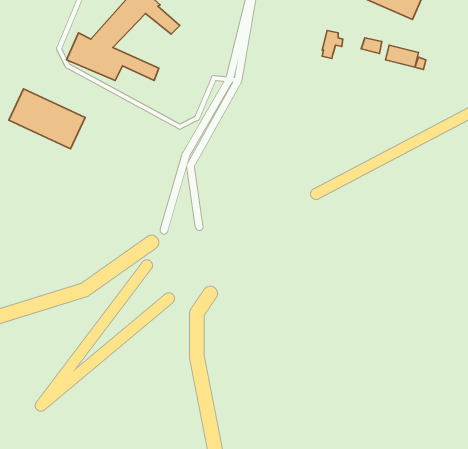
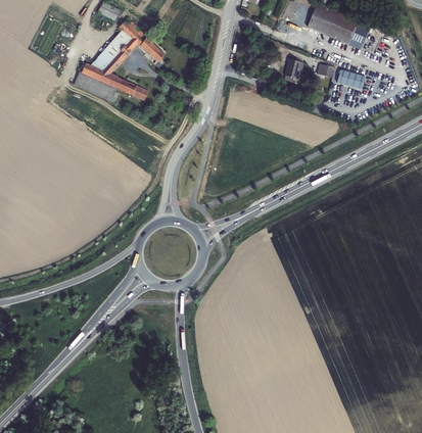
building: [9,89,85,149] -> none

